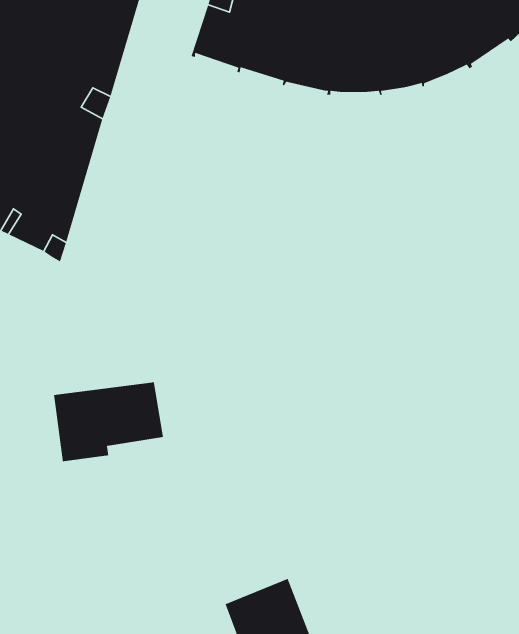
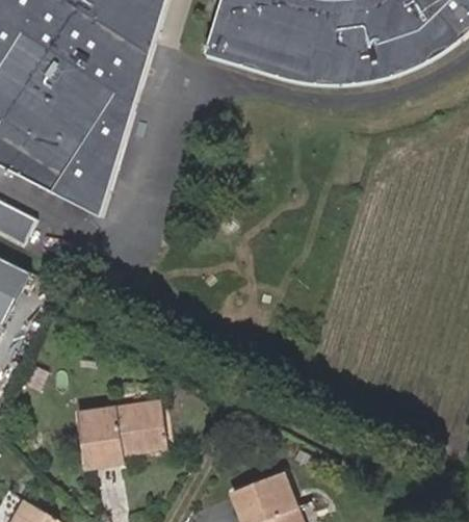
building: [53,381,164,462] -> [76,401,164,466]

